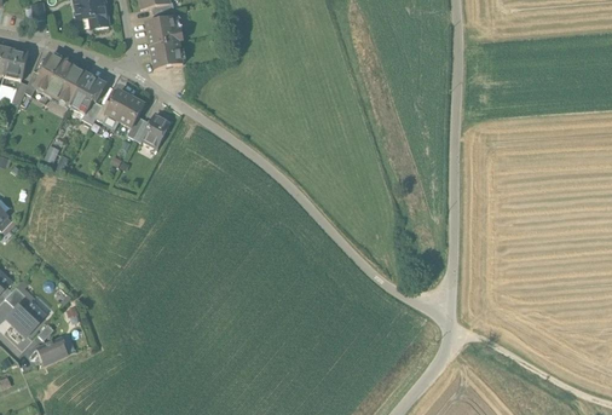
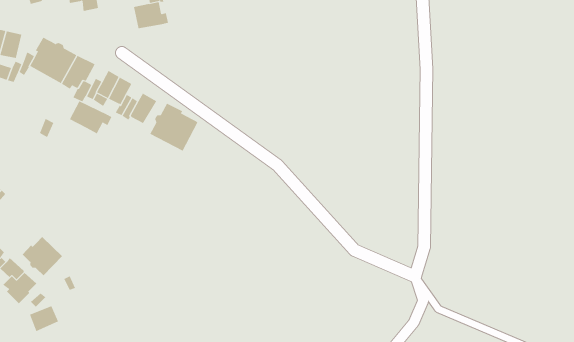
building: [150,41,183,69] -> none
building: none -> [69,101,112,134]
building: none -> [150,103,199,152]
building: none -> [22,236,63,276]

